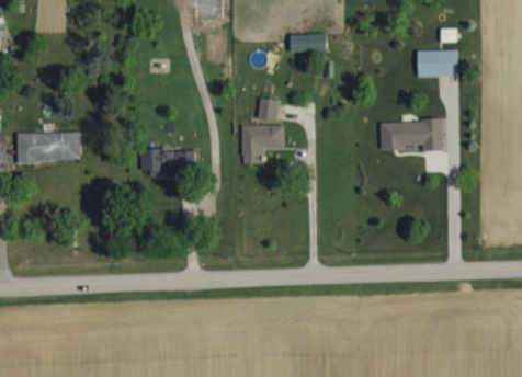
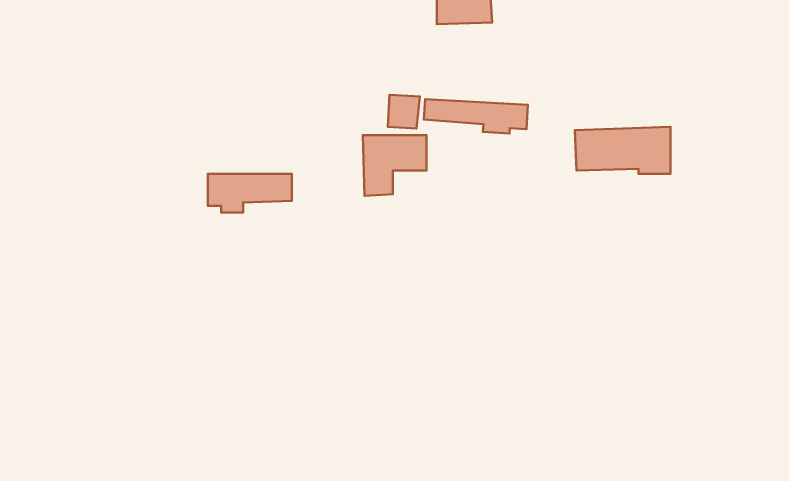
building: [418,50,458,77] -> none
building: none -> [424,99,528,133]
building: [18,132,81,162] -> none

